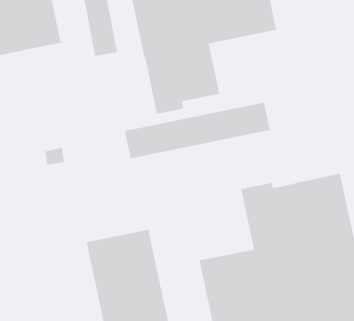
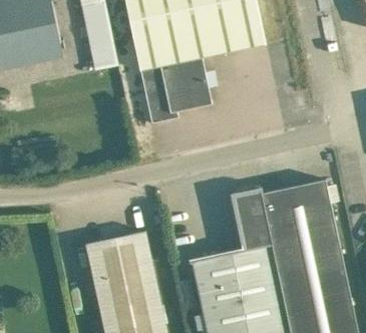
building: [124,102,270,159] -> none

